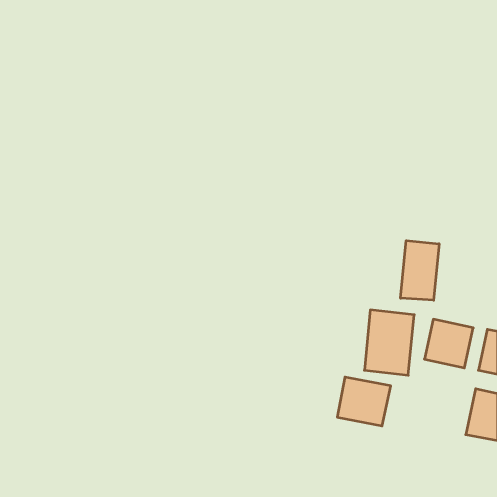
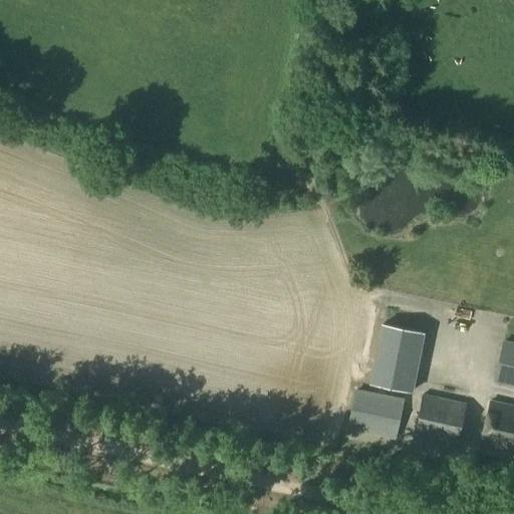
building: [401,241,439,300] -> none
building: [424,319,473,368] -> [416,396,466,446]

